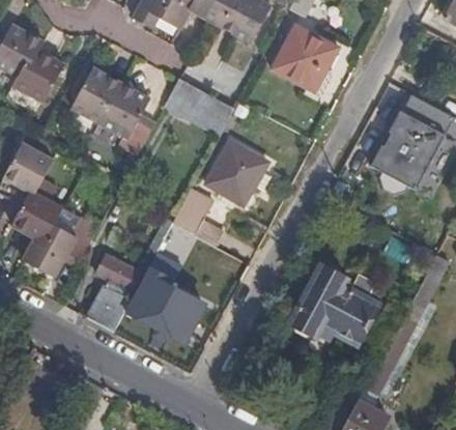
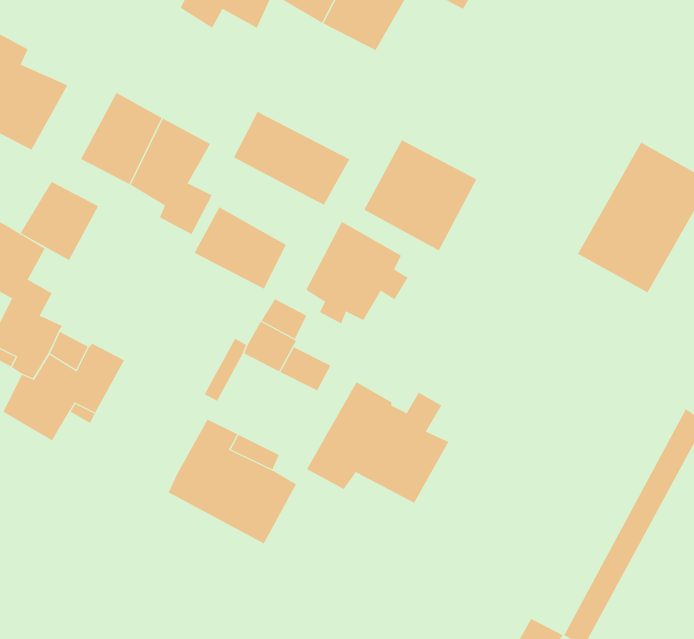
building: [272,27,340,94] -> [364,140,477,251]
building: none -> [20,181,99,261]
building: none -> [194,206,287,290]
building: [87,251,142,332] -> none
building: [291,267,377,341] -> [306,382,449,504]

